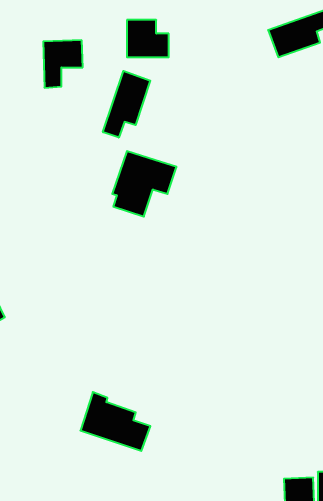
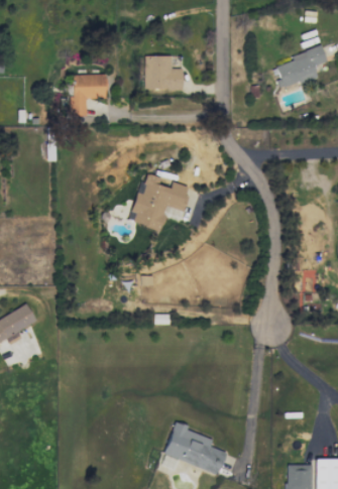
building: [103,71,150,138] -> none
building: [80,392,150,451] -> [163,421,226,474]

